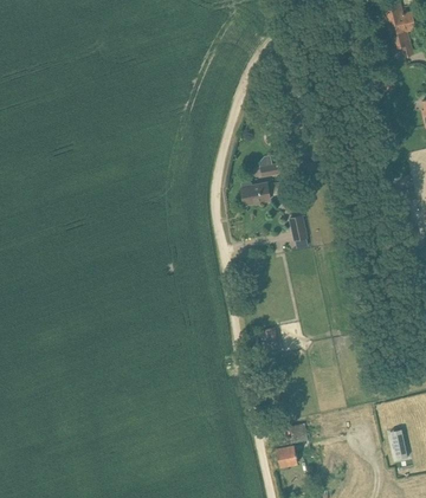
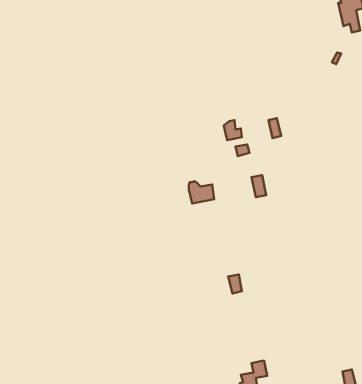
building: [241,180,270,205] -> [189,181,214,203]

